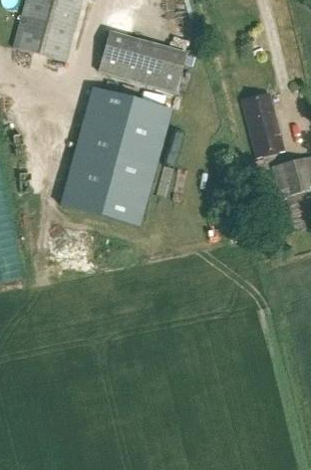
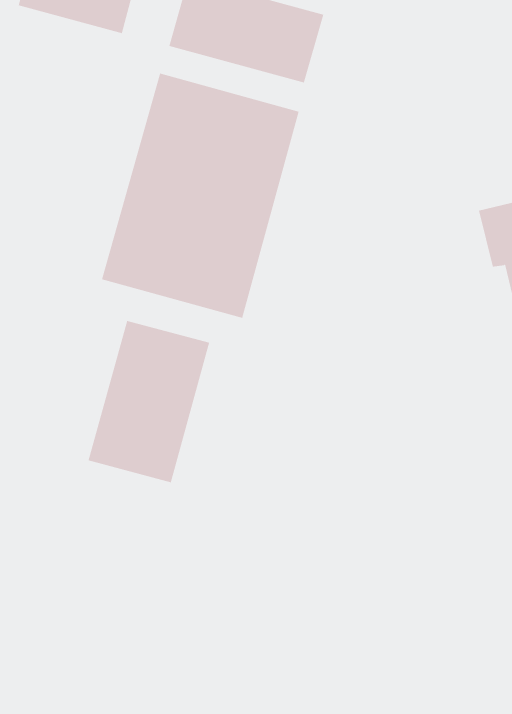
building: [243,92,283,156] -> none
building: none -> [88,320,210,483]

